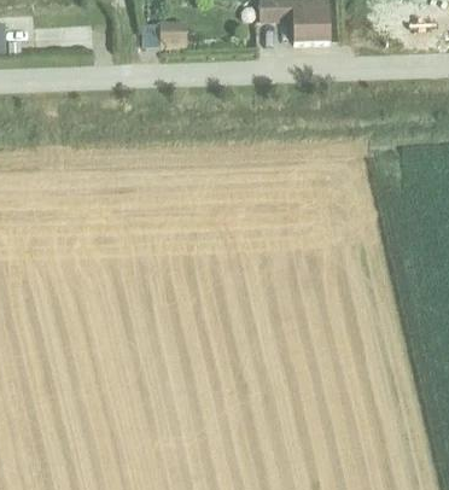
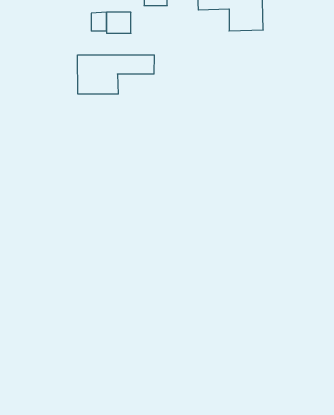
building: none -> [78,55,154,94]

